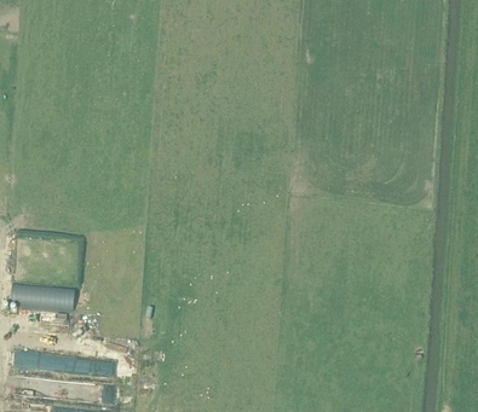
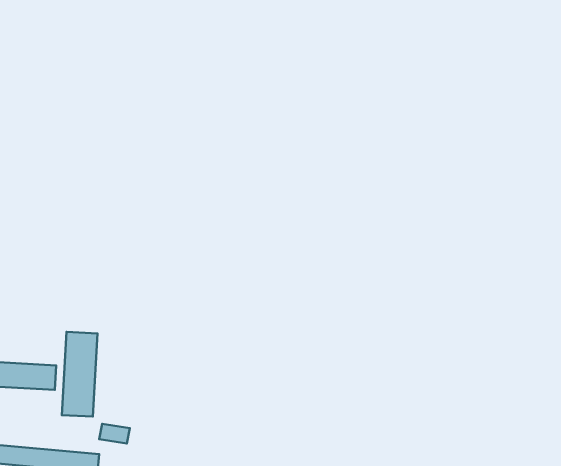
building: none -> [62,332,97,417]

